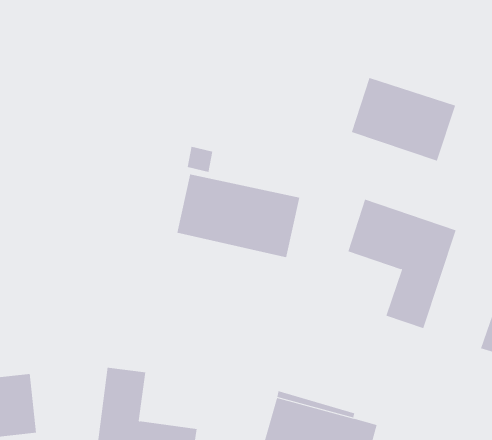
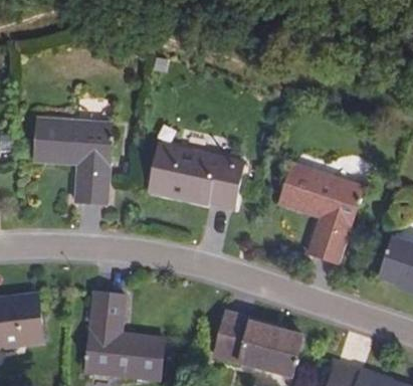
building: [351,77,456,161] -> none
building: none -> [35,118,112,203]

